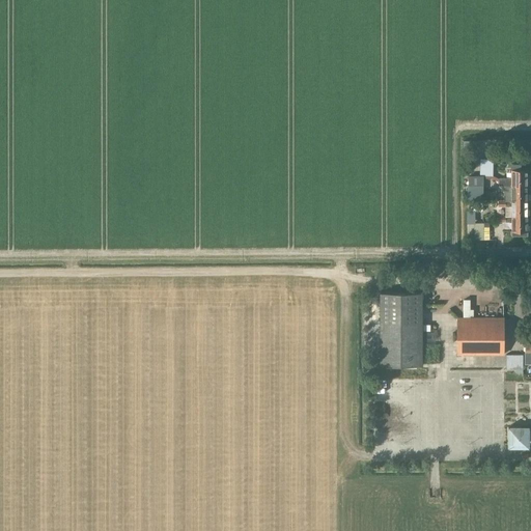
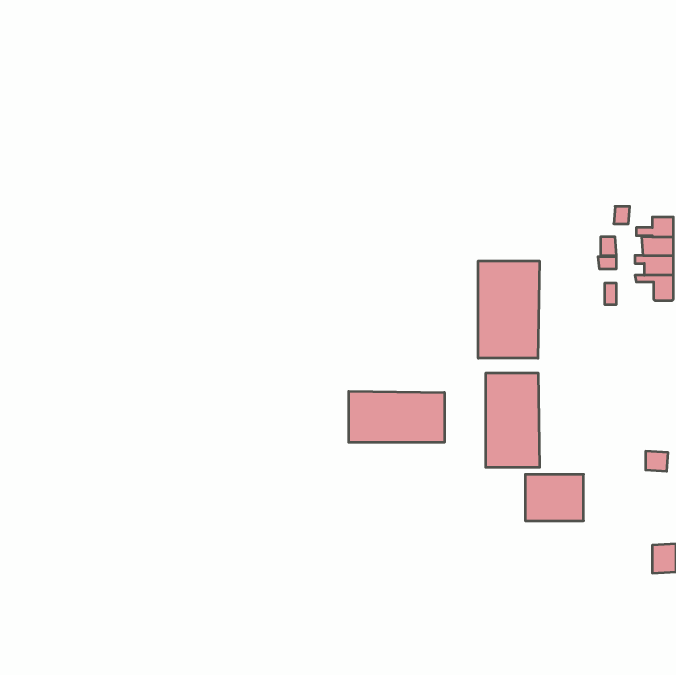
building: none -> [478,261,539,358]
building: none -> [349,391,444,442]
building: [458,318,504,355] -> [525,474,584,521]

